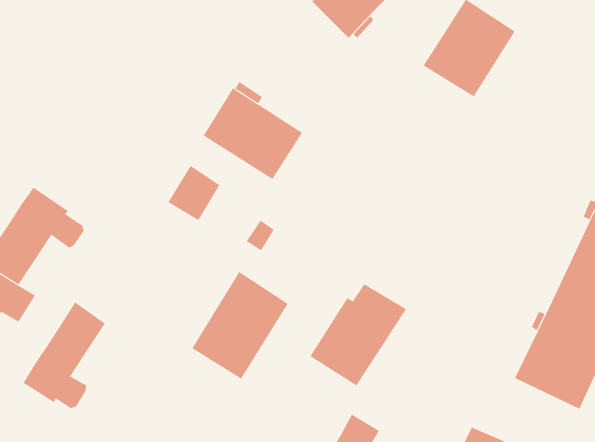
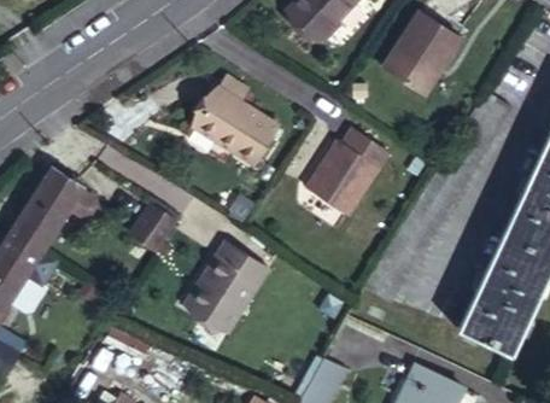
building: [167,165,220,221] -> [131,203,176,250]
building: [310,283,407,386] -> [308,128,390,215]
building: [23,301,105,409] -> none

